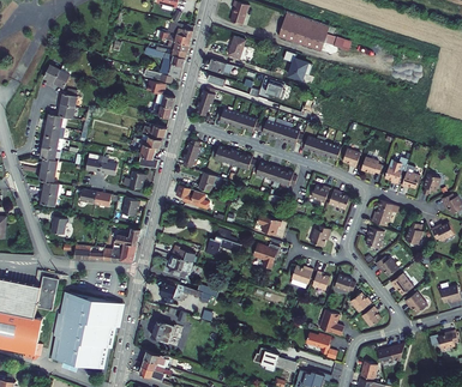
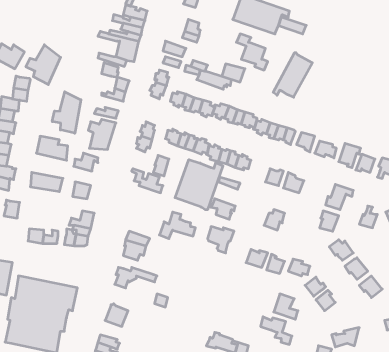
building: none -> [26,45,61,85]
building: none -> [273,53,312,97]
building: none -> [52,92,81,133]
building: none -> [175,160,223,210]

